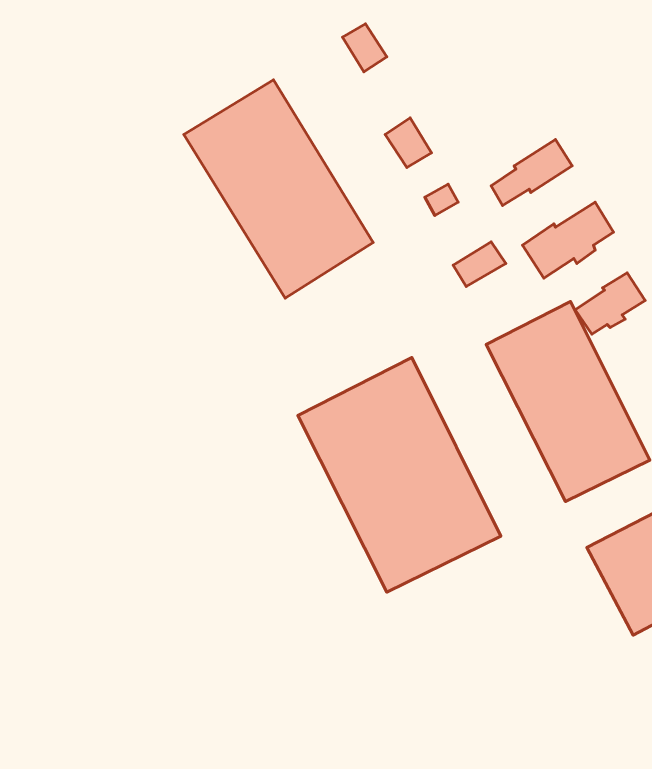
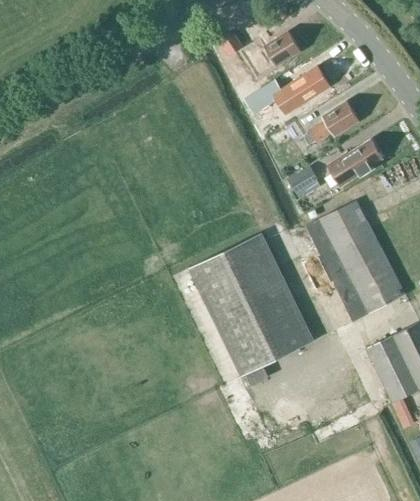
building: none -> [251,33,300,72]
building: [184,80,373,298] -> none
building: none -> [280,67,329,107]
building: [575,273,645,334] -> none

